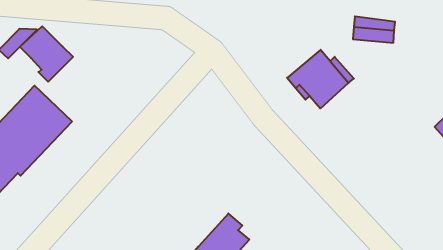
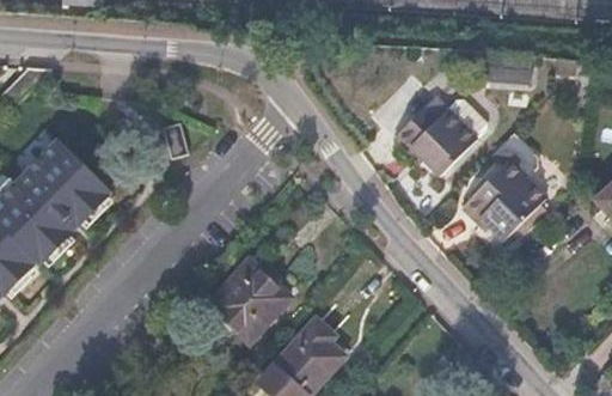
building: [20,26,73,82] -> none
building: none -> [459,138,544,242]
building: none -> [210,258,289,339]

